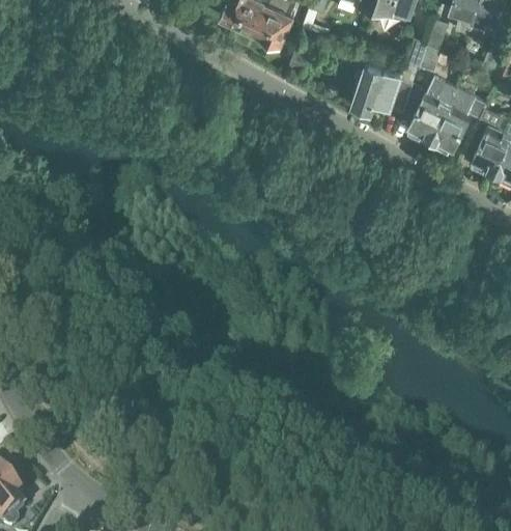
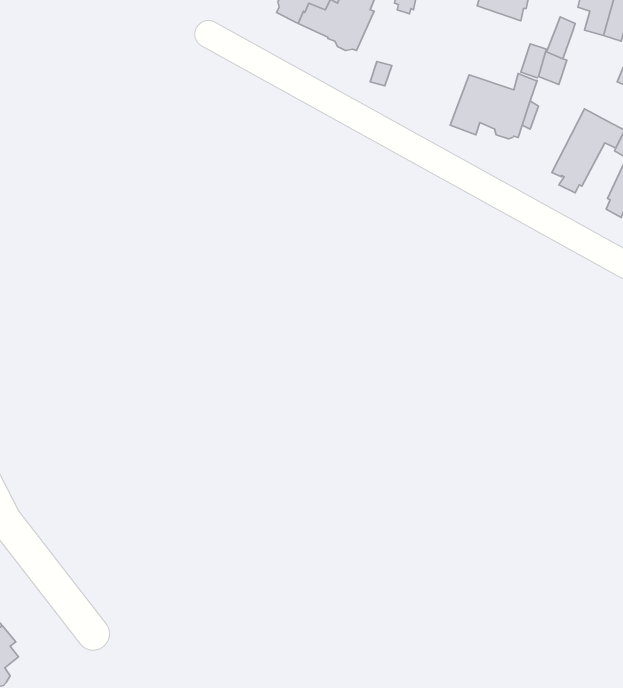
building: [408,77,456,137] -> none

